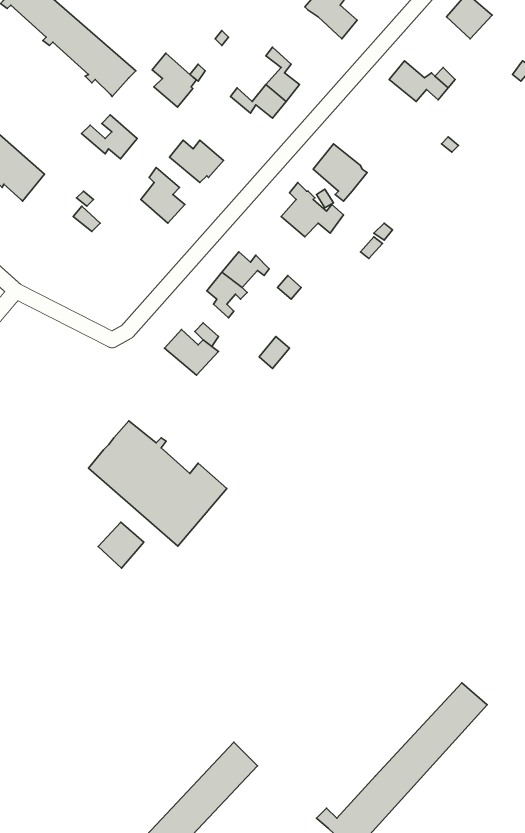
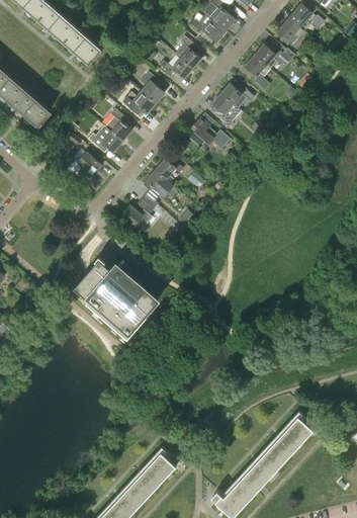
building: none -> [190,13,227,41]
building: none -> [277,17,303,45]
building: [152,53,196,107] -> [141,71,167,103]
building: none -> [245,55,271,90]
building: [82,115,137,159] -> [89,126,122,153]
building: none -> [221,83,250,108]
building: none -> [69,153,102,179]
building: [98,522,144,568] -> none

